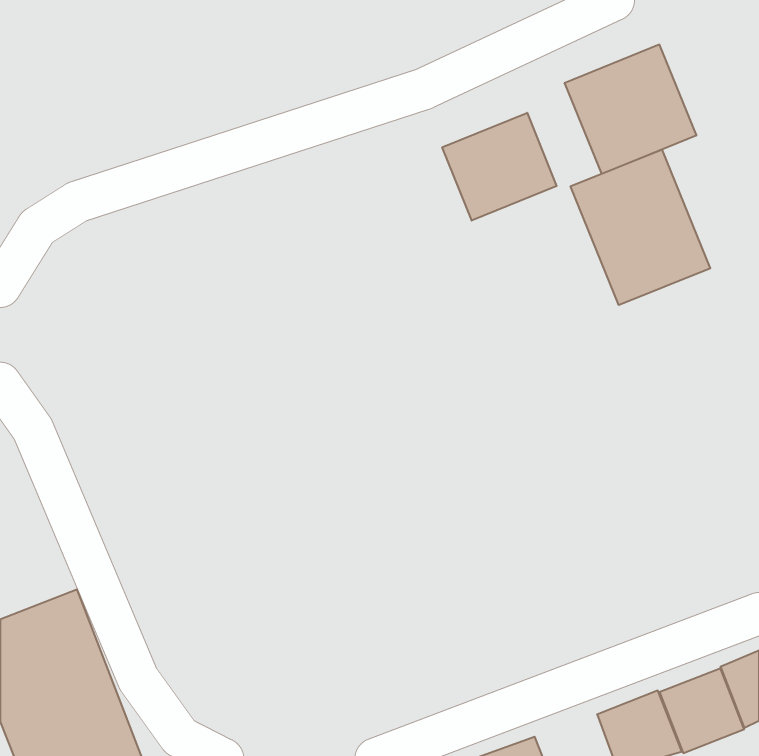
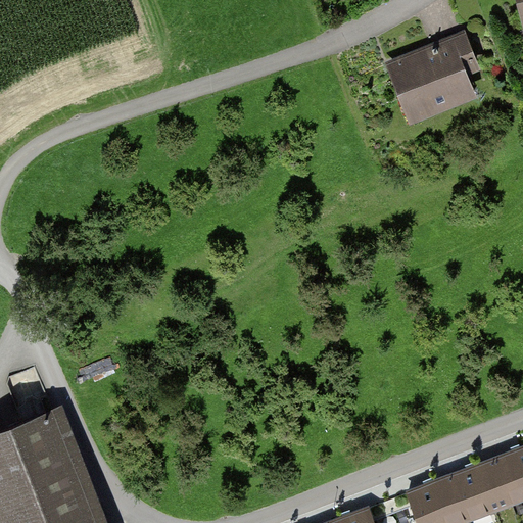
building: [442,113,557,221] -> none
building: [571,150,710,305] -> none

